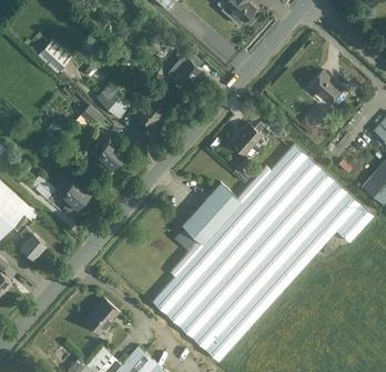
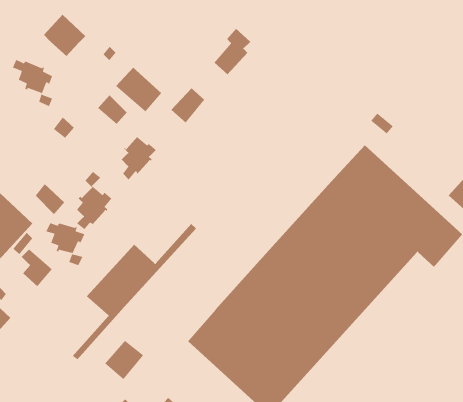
building: [311,72,344,104] -> none
building: none -> [12,59,53,107]
building: [232,123,271,157] -> none
building: [171,168,271,278] -> [72,223,197,360]
building: none -> [45,222,85,266]

